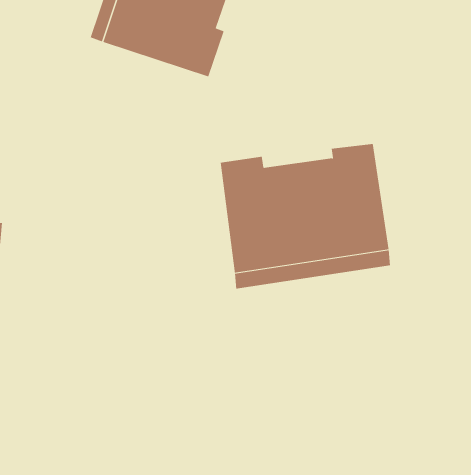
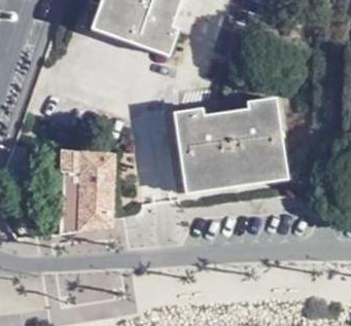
building: none -> [58,151,115,233]

